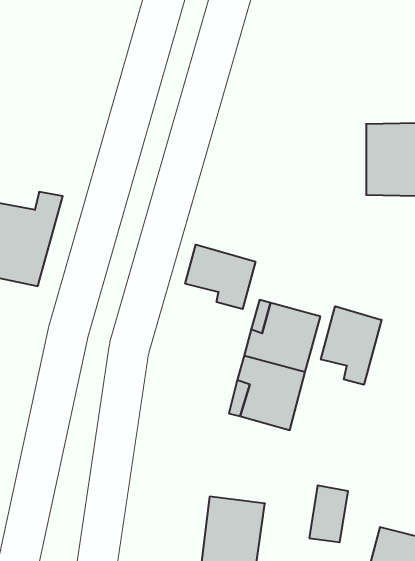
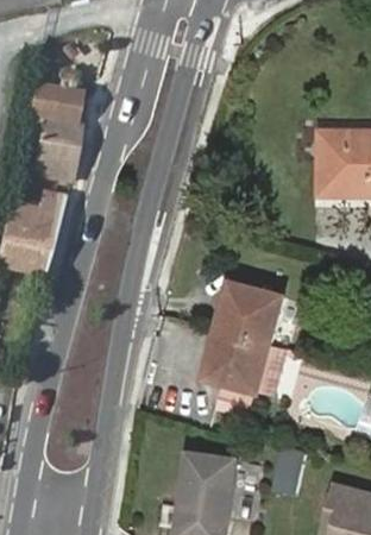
building: none -> [20,80,82,181]
building: [185,245,255,309] -> none
building: [321,306,382,385] -> none

